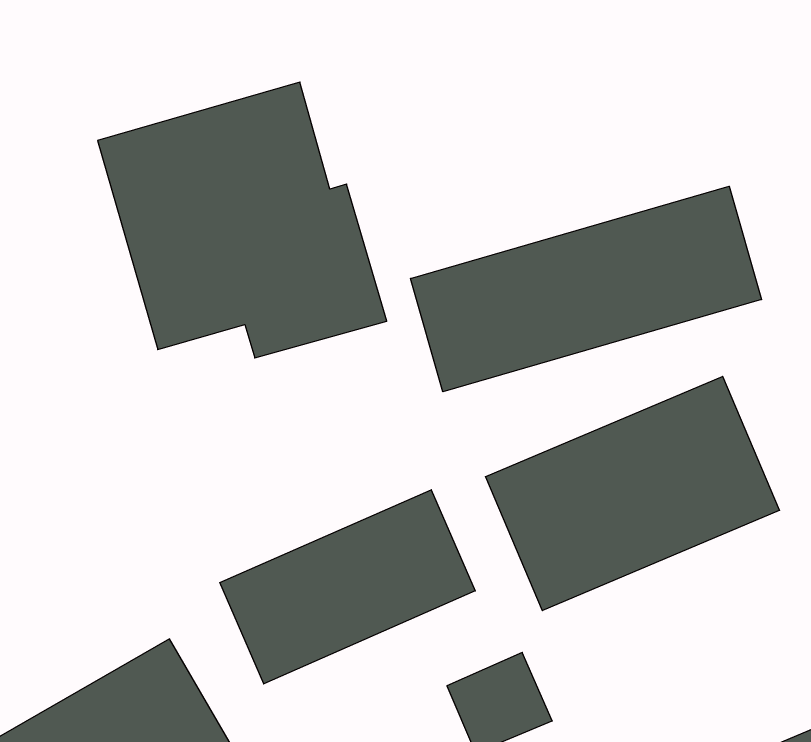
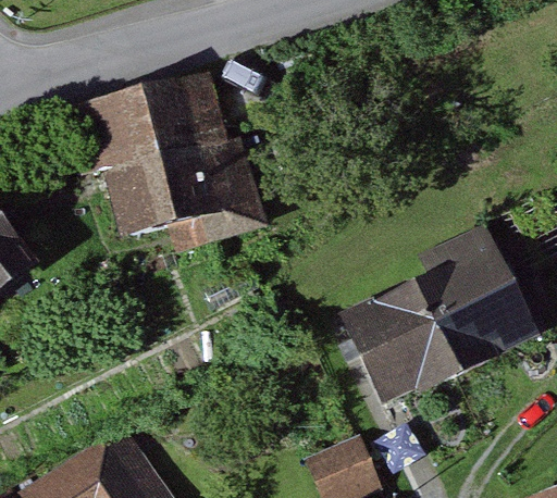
building: [411,186,762,392] -> none
building: [220,490,475,684] -> none

